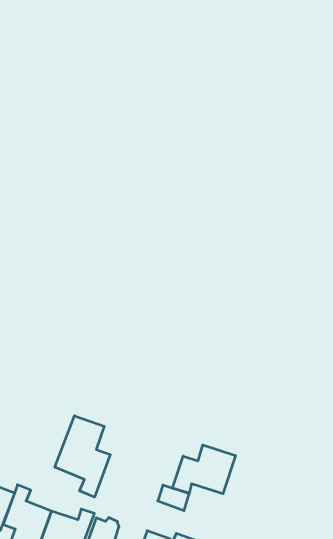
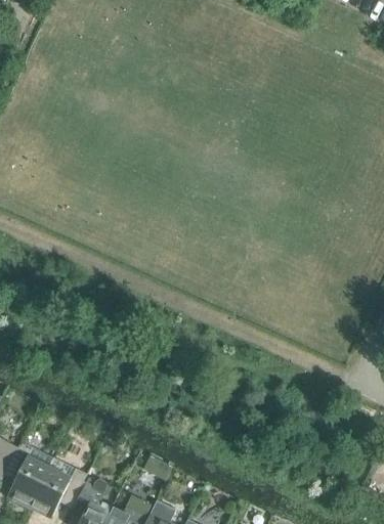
building: [55,416,110,497] -> none
building: [172,445,235,494] -> none

